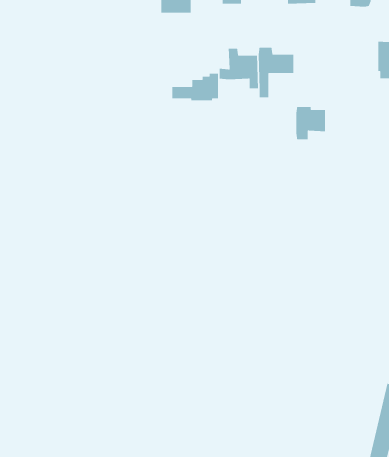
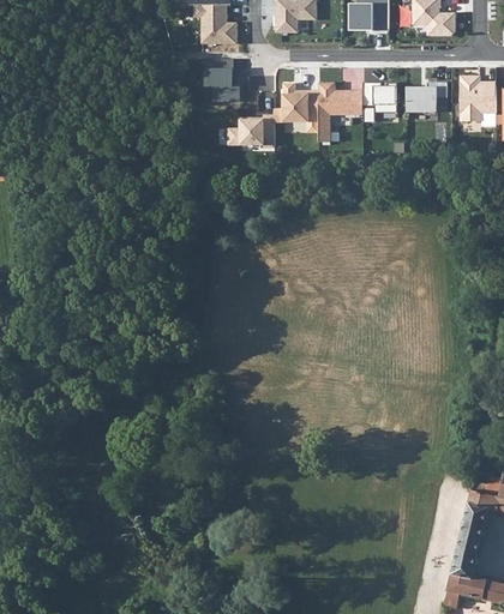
building: none -> [205,59,238,101]
building: none -> [408,82,445,112]
building: [296,106,326,140] -> [360,83,396,124]

